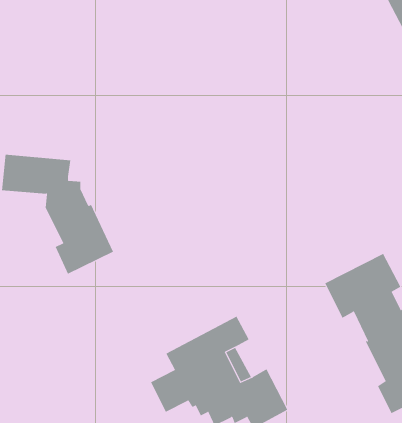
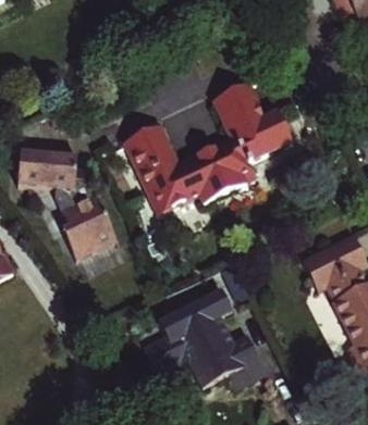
building: none -> [125,82,291,208]

